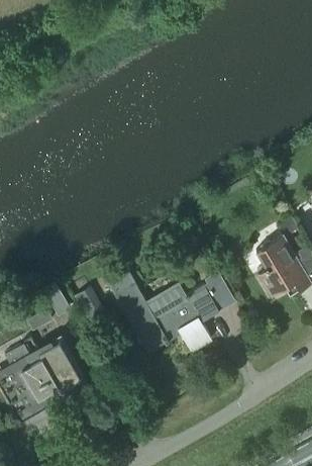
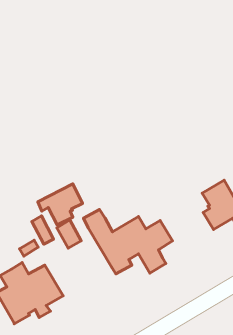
building: none -> [38,184,83,225]
building: [203,271,236,311] -> none

